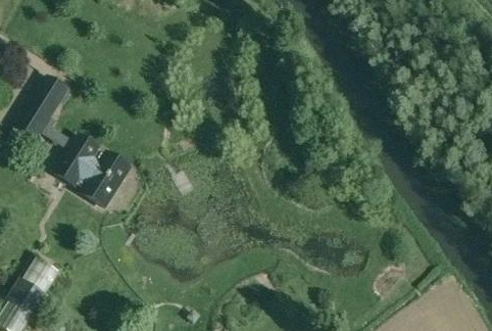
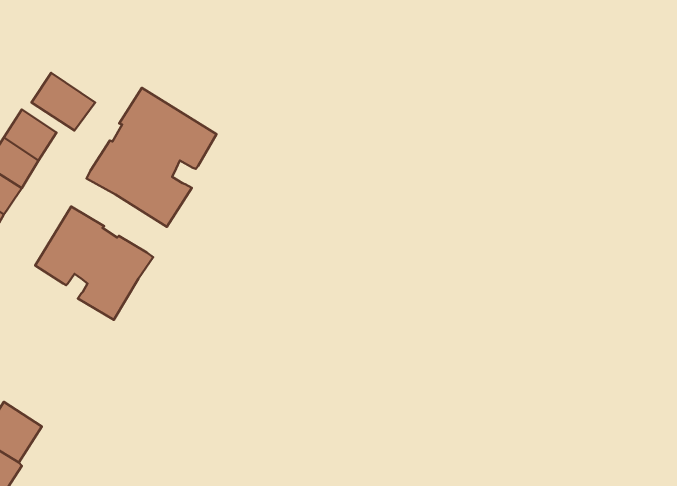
building: none -> [31,73,95,131]
building: none -> [87,88,216,227]

